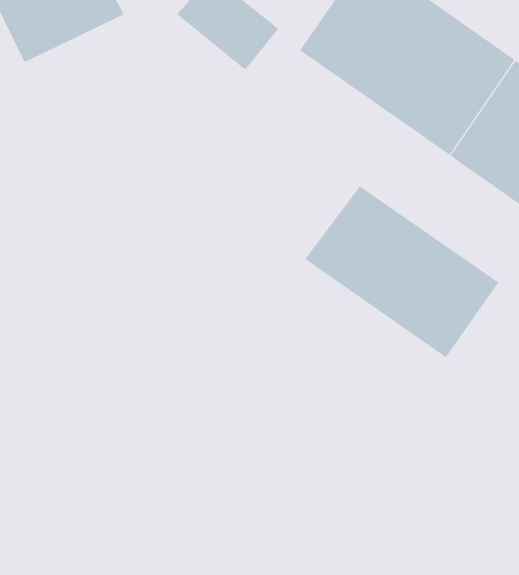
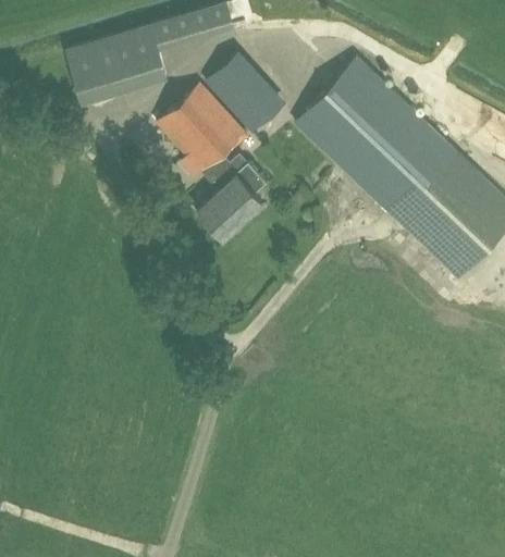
building: none -> [157,83,266,238]
building: [305,185,499,358] -> none

